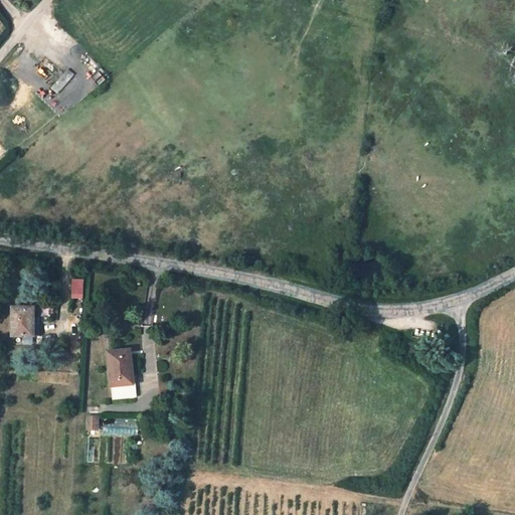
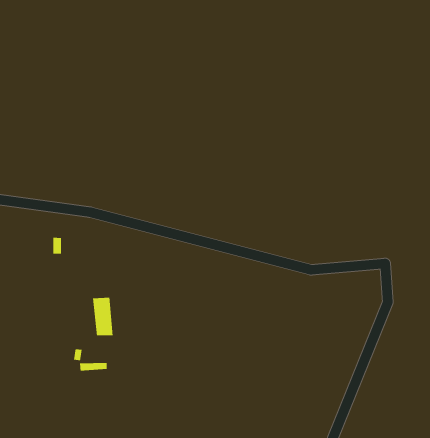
building: [12,307,35,335] -> none

